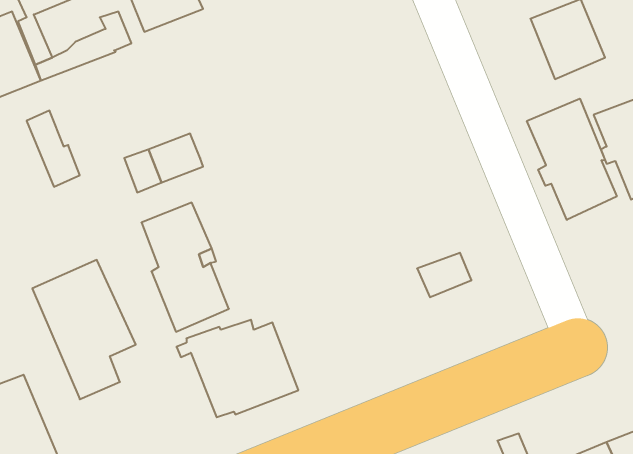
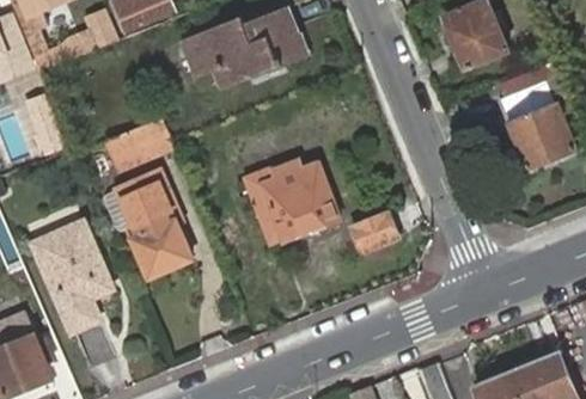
building: none -> [182,7,303,88]
building: [527,99,617,220] -> none
building: [176,320,298,417] -> [234,162,336,244]

